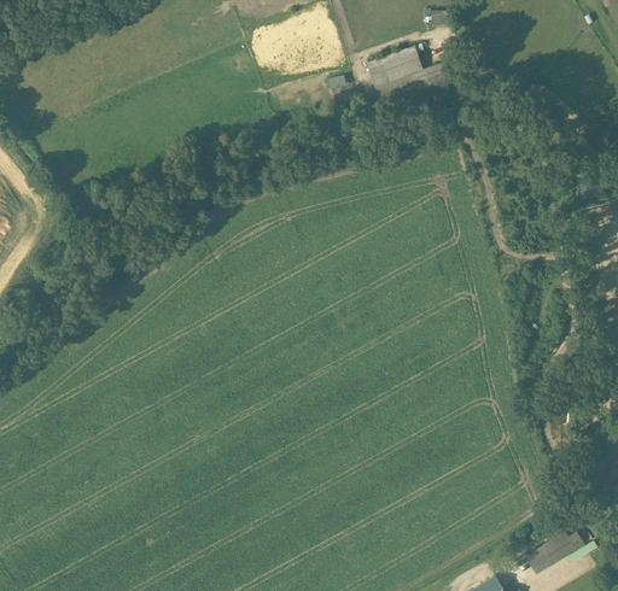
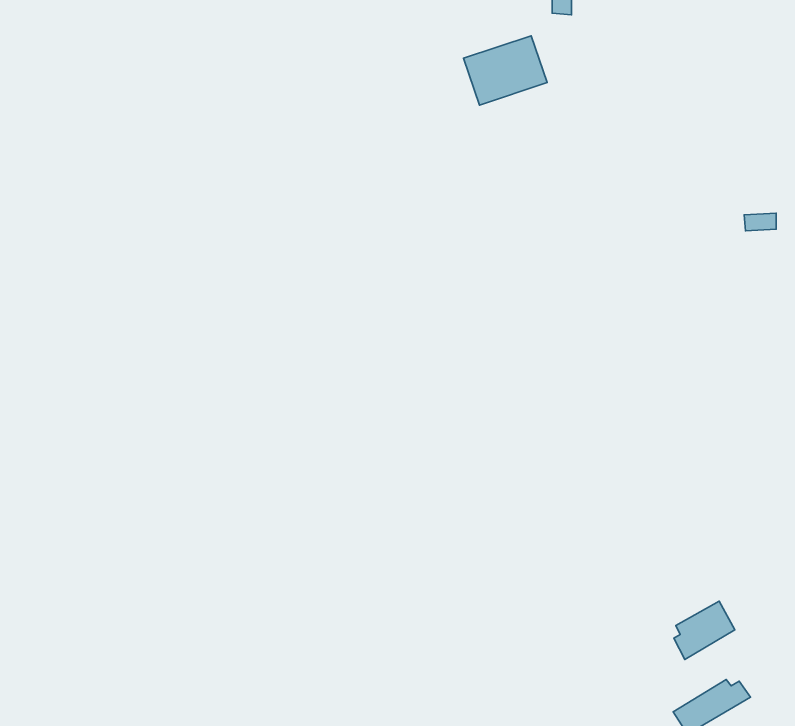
building: none -> [674,601,735,659]

